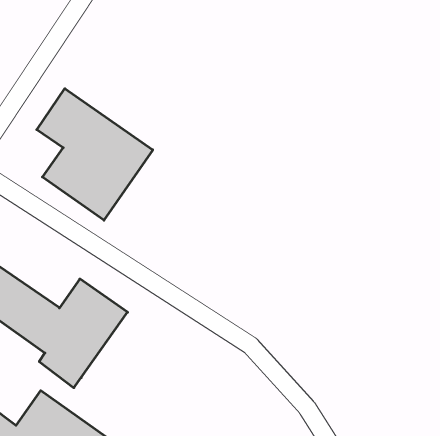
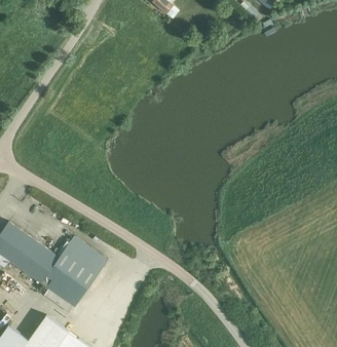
building: [37,89,153,220] -> none

